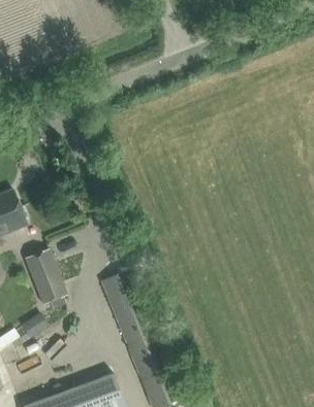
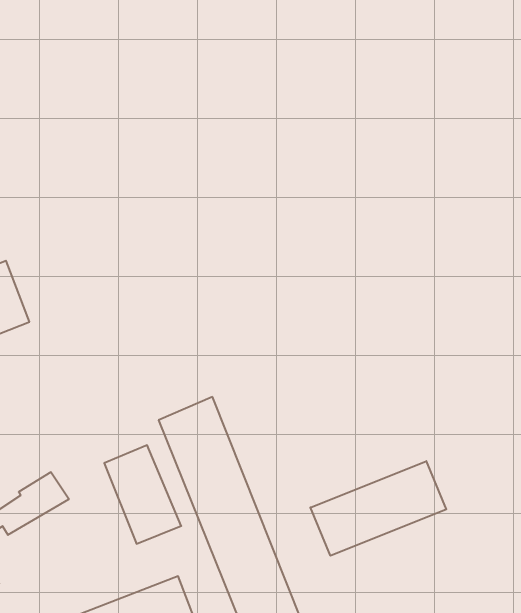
building: [24,248,68,305] -> [104,445,181,544]
building: none -> [310,461,446,556]

